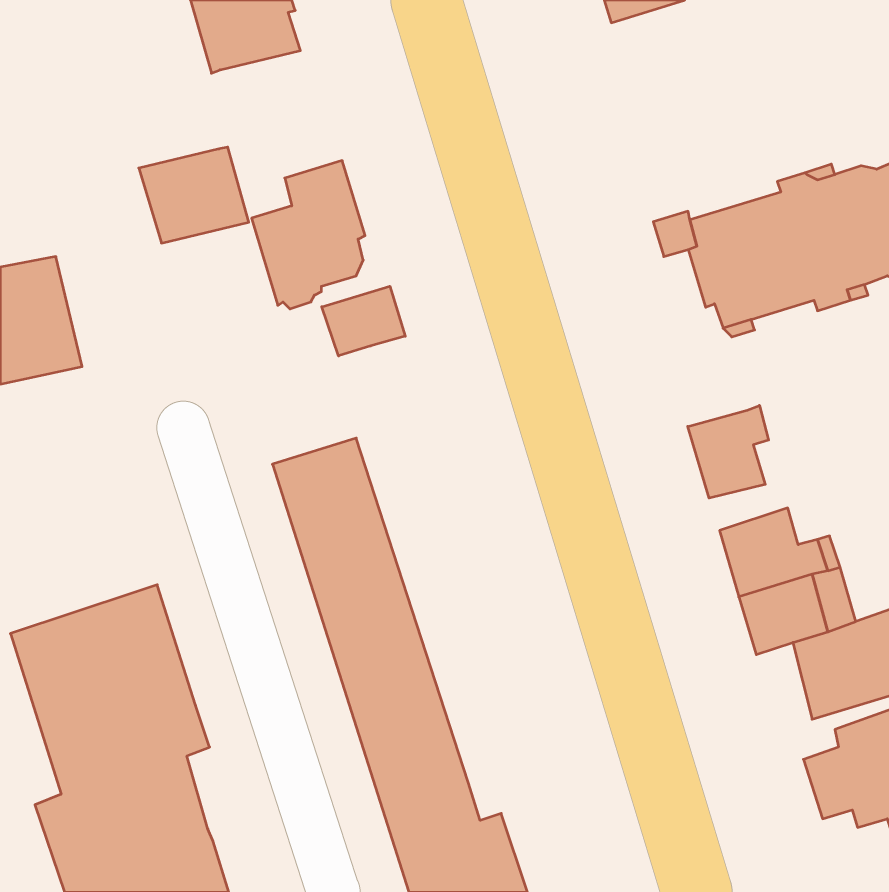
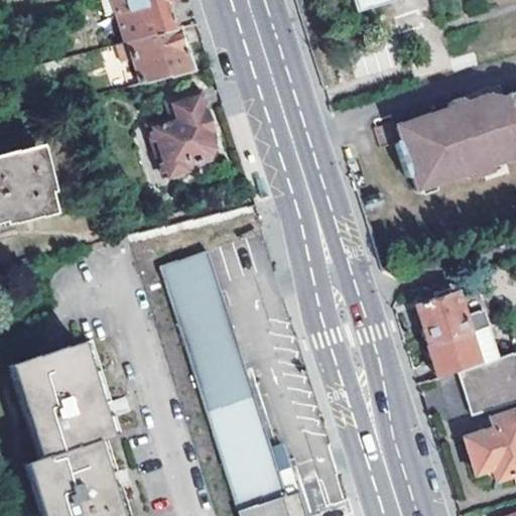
building: [139,147,249,243] -> [129,28,192,84]
building: [322,286,405,356] -> none
building: [688,405,769,498] -> none

